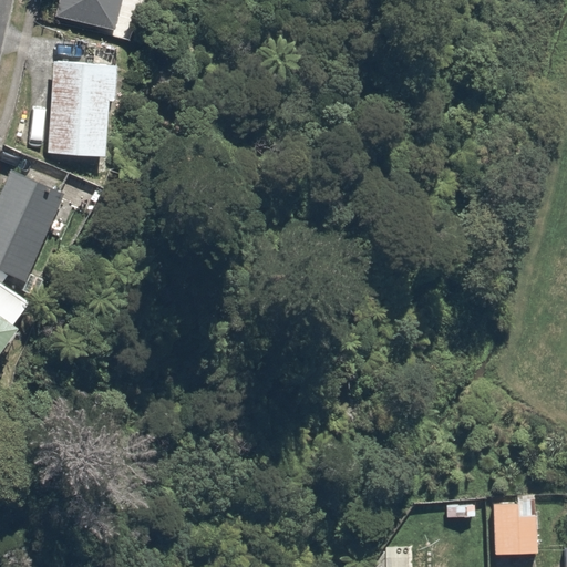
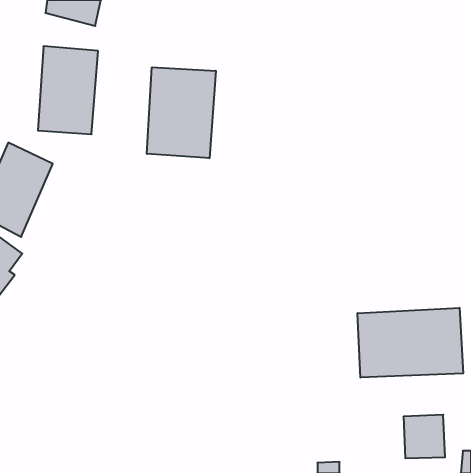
building: none -> [147,67,216,158]
building: none -> [358,308,463,378]

